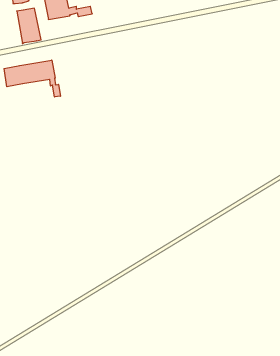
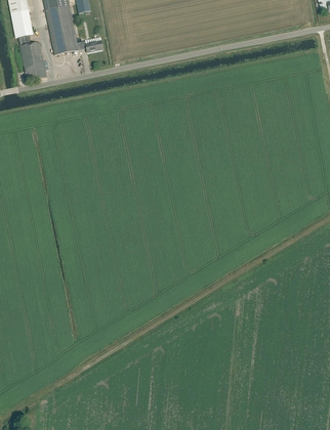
building: [4,60,60,97] -> none

